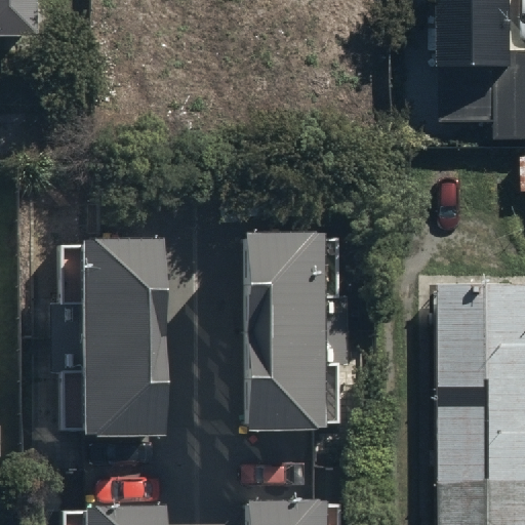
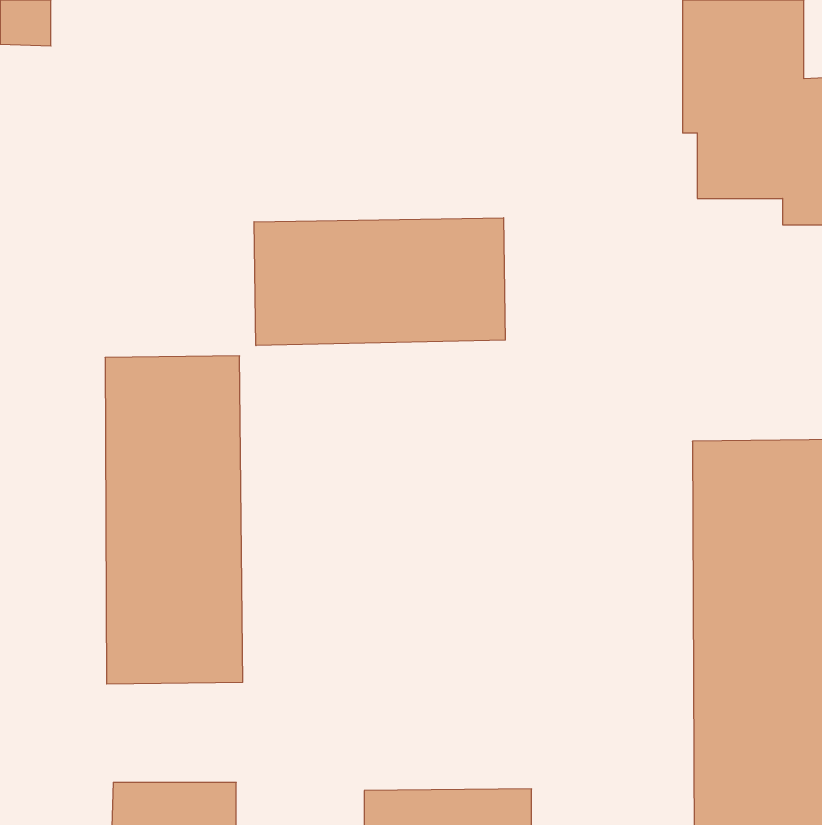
building: none -> [254,218,505,346]
building: [237,226,347,435] -> none

